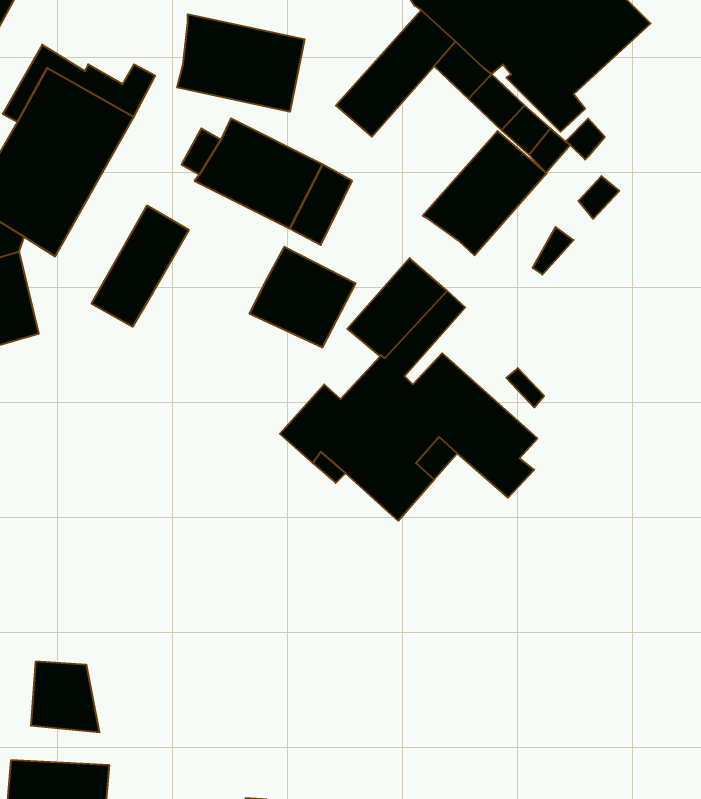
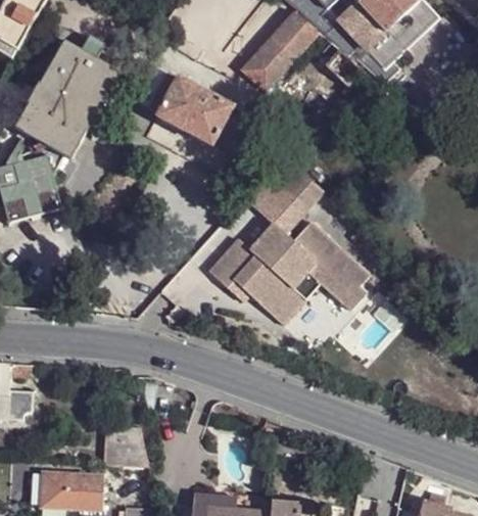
building: [177,14,305,112] -> none
building: [423,131,547,255] -> none
building: [92,206,189,327] -> none
building: [249,247,355,348] -> none
building: [31,662,100,732] -> [103,426,146,470]

